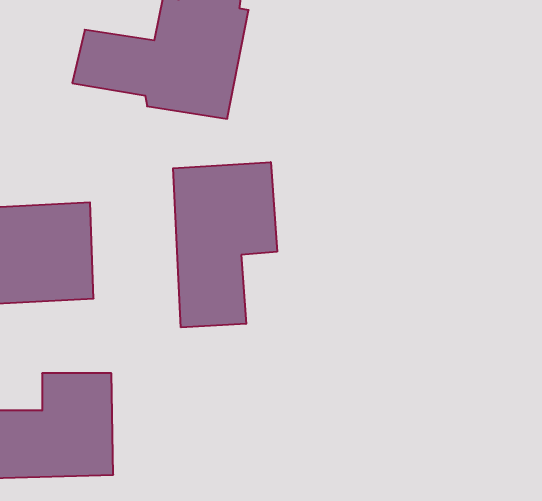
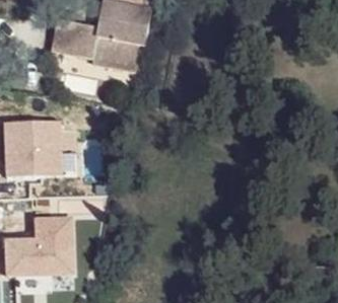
building: [173,162,277,327] -> none

